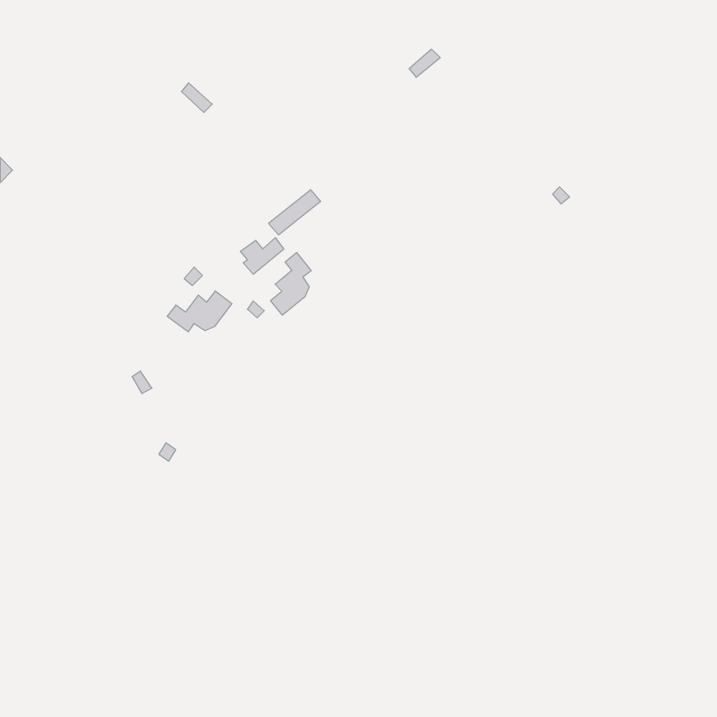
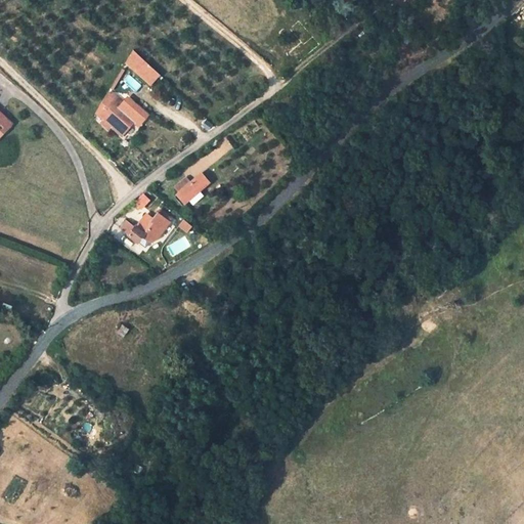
building: none -> [100,90,138,135]
building: [271,253,311,315] -> none

